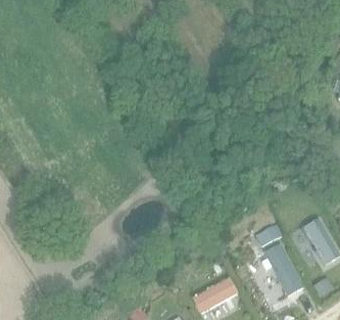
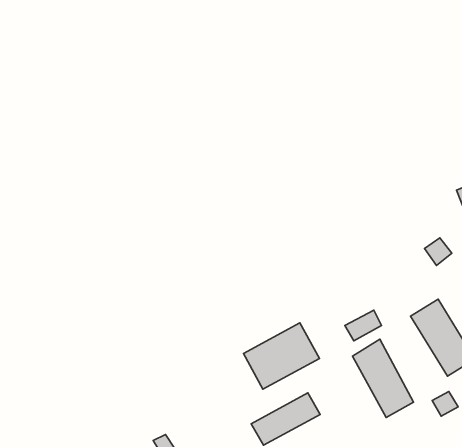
building: none -> [244,323,319,389]

